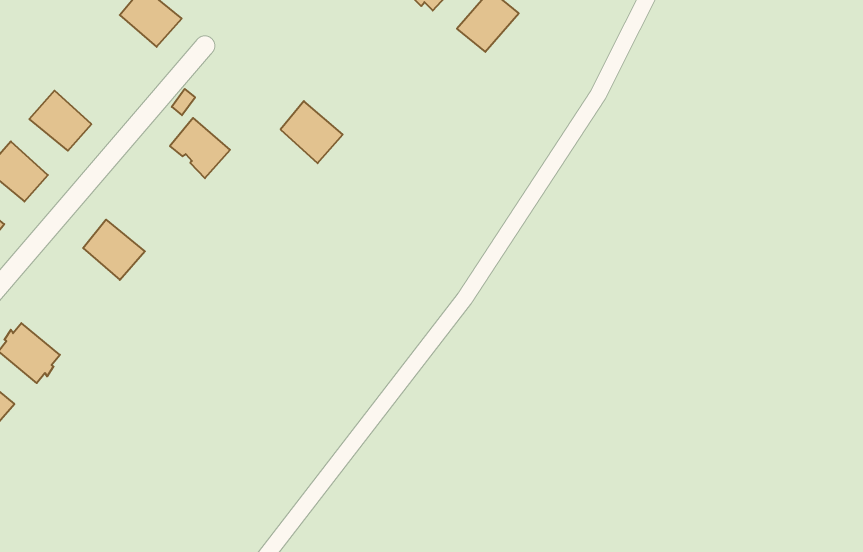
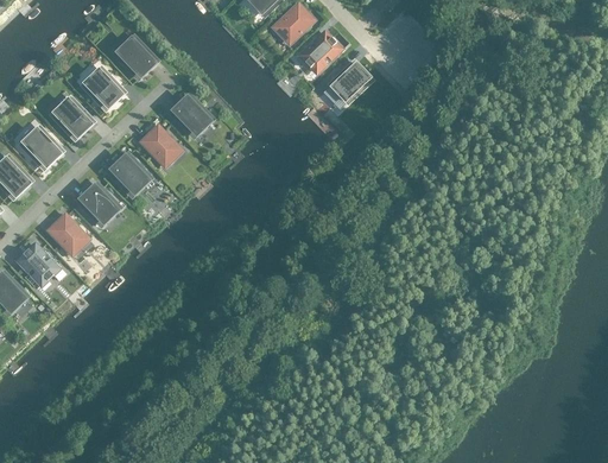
building: none -> [83,69,122,109]
building: [281,101,343,163] -> [171,95,210,135]
building: none -> [109,154,148,194]
building: none -> [48,214,86,252]

